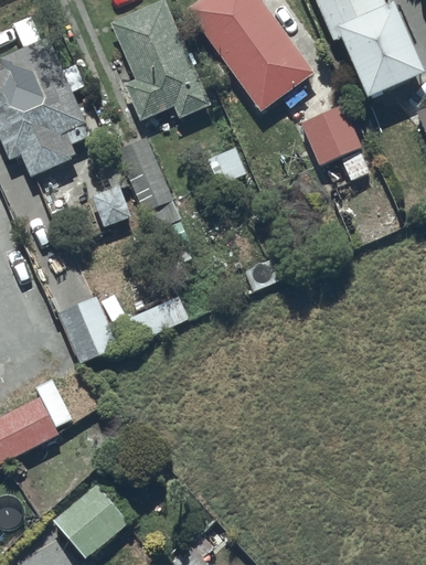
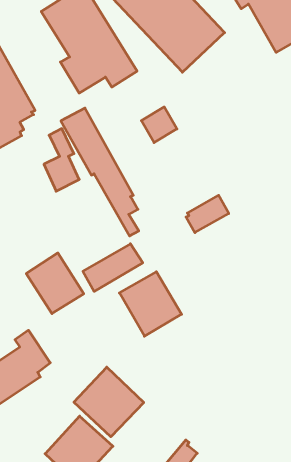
building: [301,108,370,184] -> none
building: none -> [119,272,182,336]
building: none -> [74,367,144,437]

